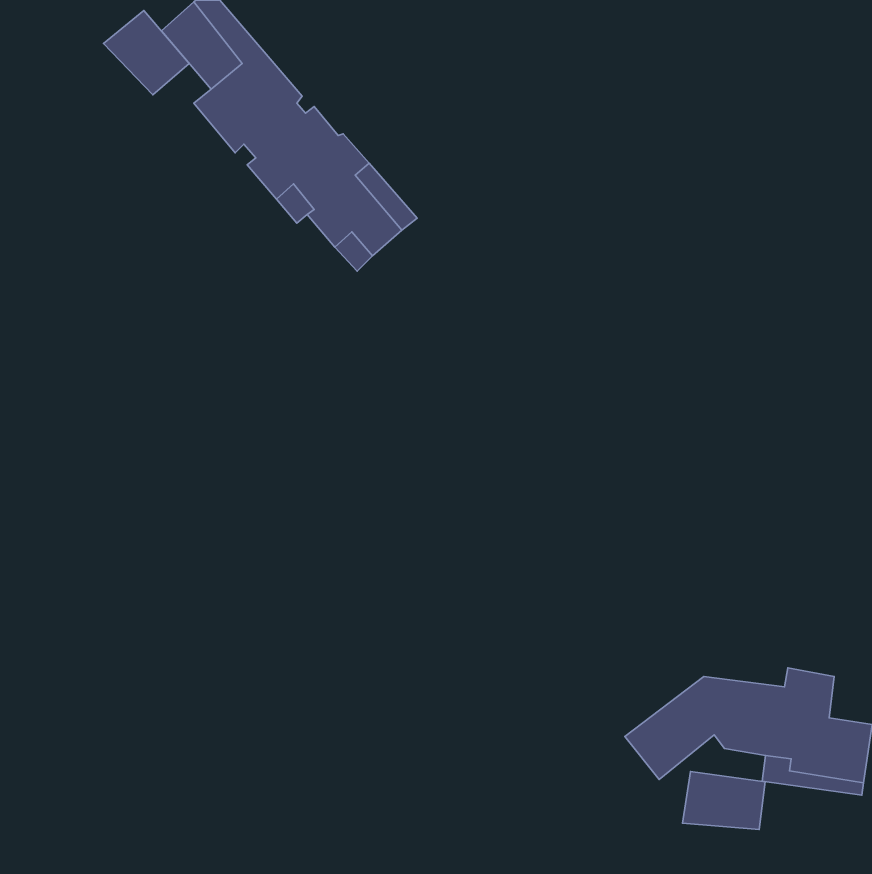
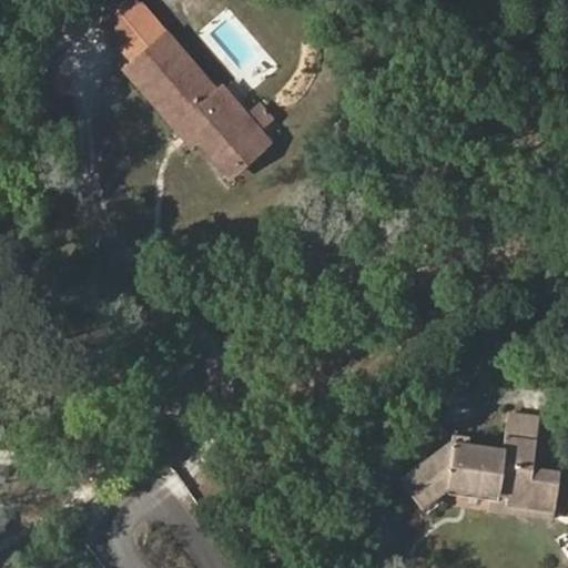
building: [104,10,189,95] -> none
building: [682,771,765,829] -> none

